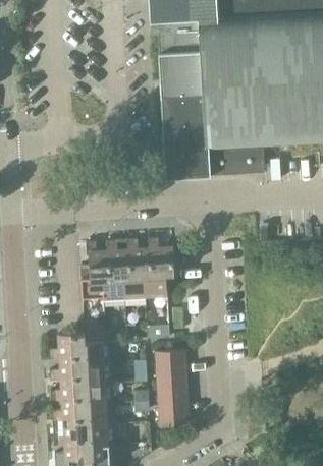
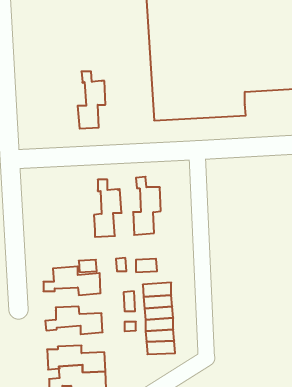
building: [122,239,152,300] -> [78,71,105,129]
building: [79,241,110,295] -> none
building: [49,355,110,384] -> none
building: [51,396,113,425] -> none

